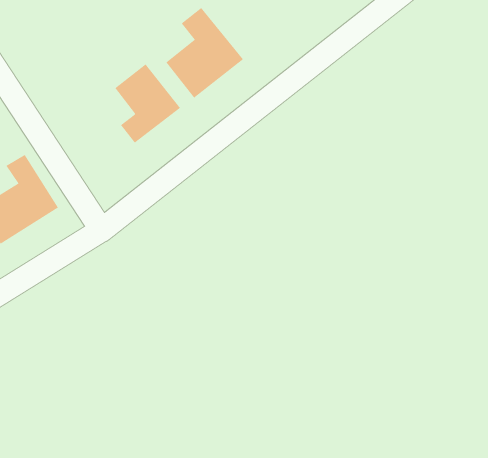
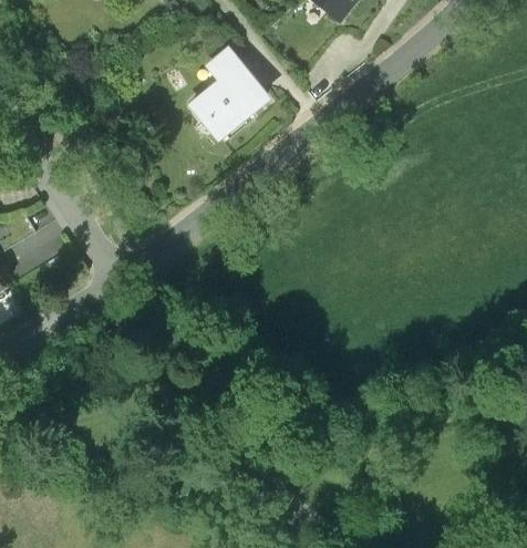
building: [114,63,181,143] -> none

